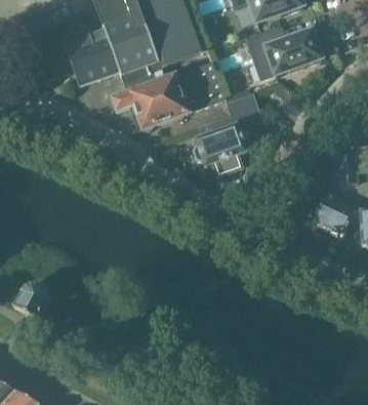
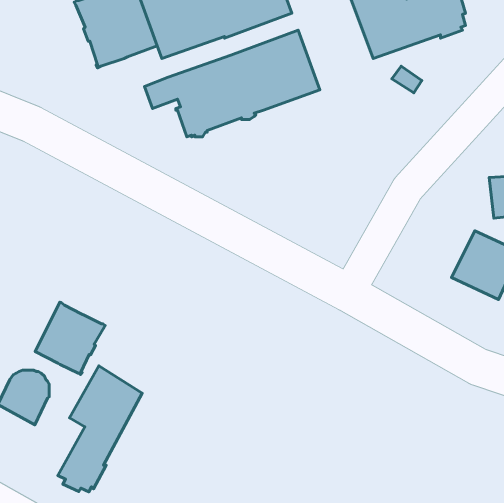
building: [191,93,259,174] -> none
building: none -> [35,302,105,375]
building: none -> [58,366,142,492]

